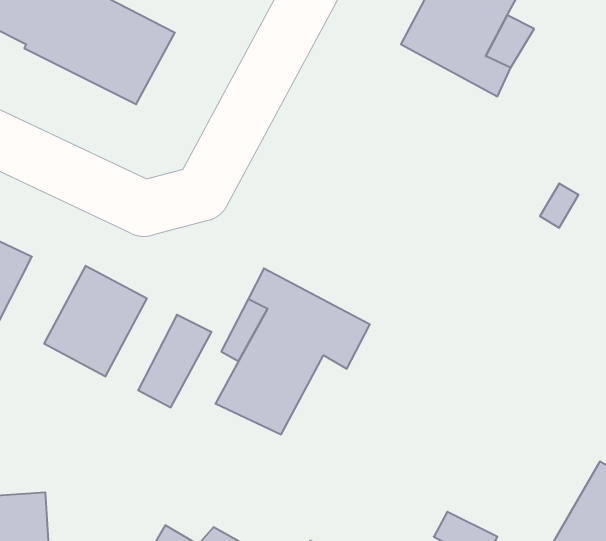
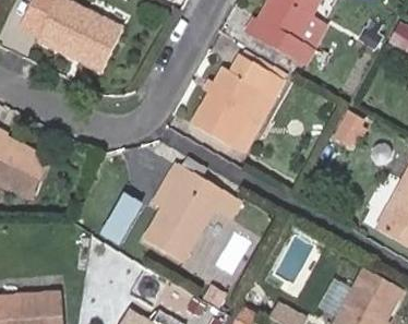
building: none -> [193,59,283,157]
building: [44,266,147,377] -> none

